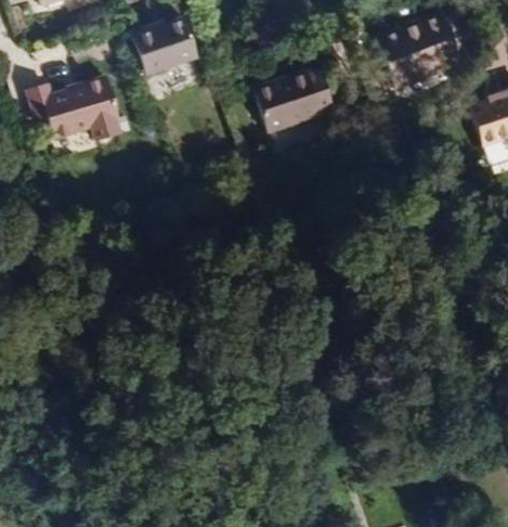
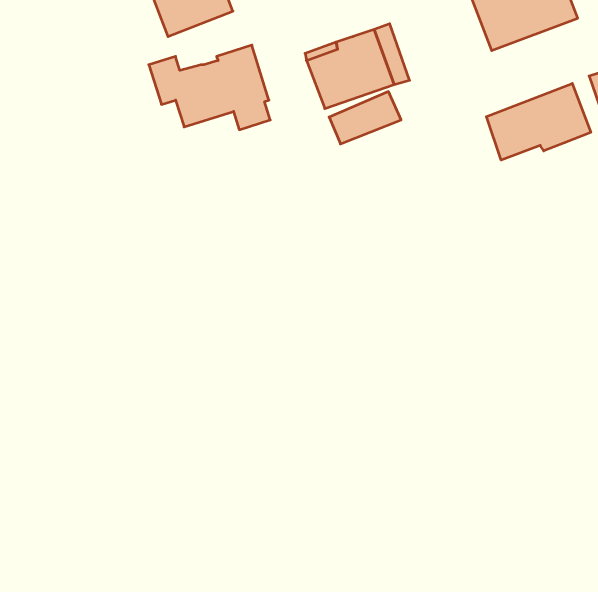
building: [28,78,121,143] -> [149,45,270,130]
building: none -> [486,83,591,160]

